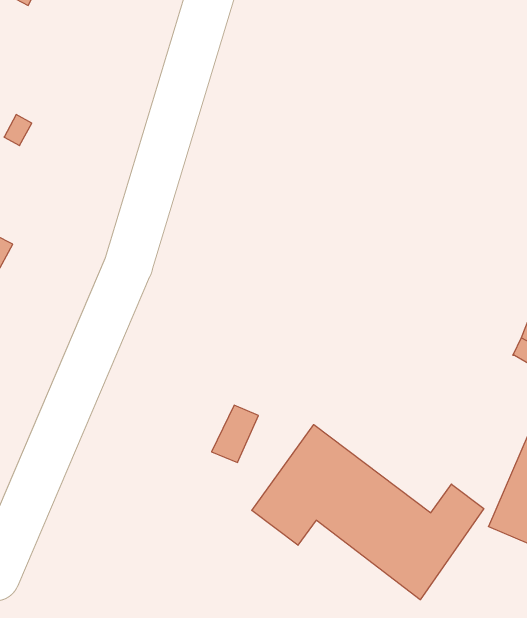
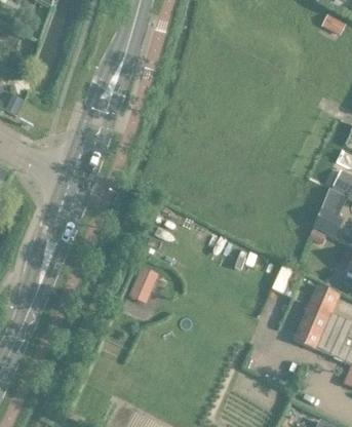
building: [252,425,484,600] -> none

